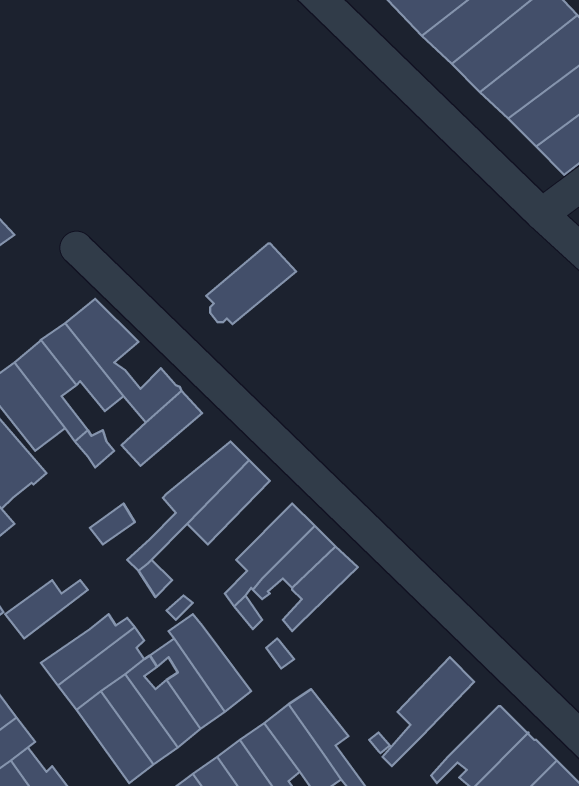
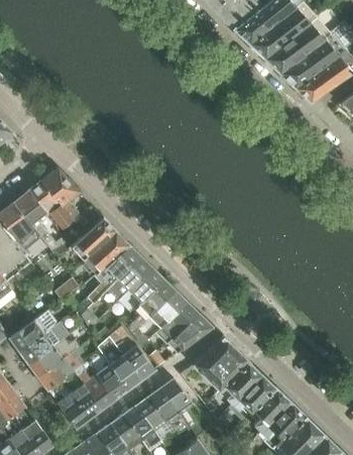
building: [206,243,296,324] -> [82,230,130,273]
building: none -> [118,266,163,314]
building: none -> [167,313,213,353]
building: none -> [19,322,67,364]
building: none -> [115,326,155,379]
building: none -> [180,337,248,390]
building: none -> [233,374,274,415]

